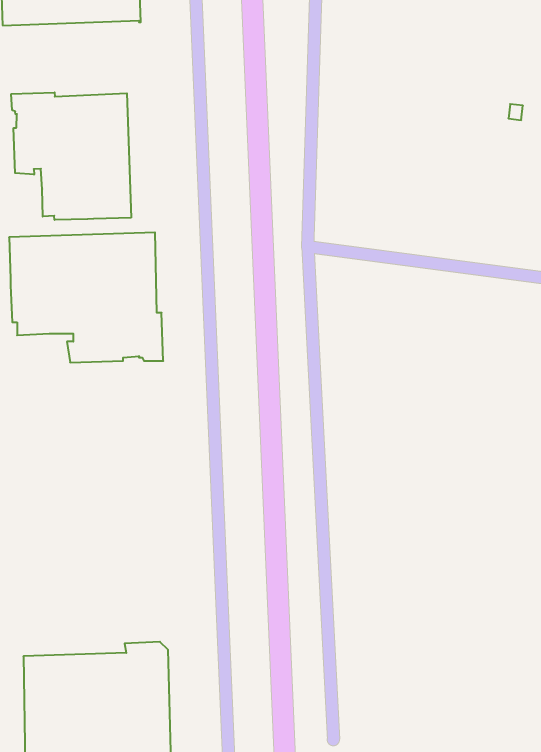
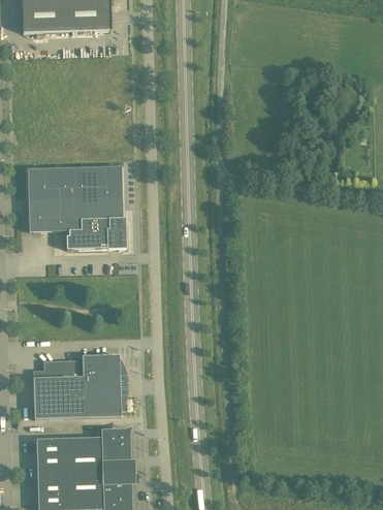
building: [11,92,131,220] -> none
building: none -> [33,354,128,418]

